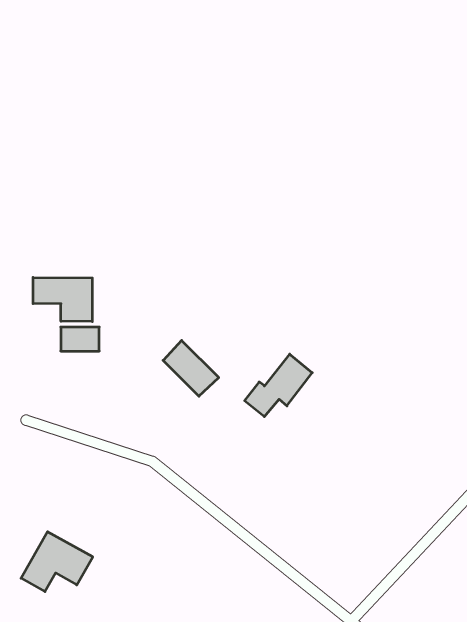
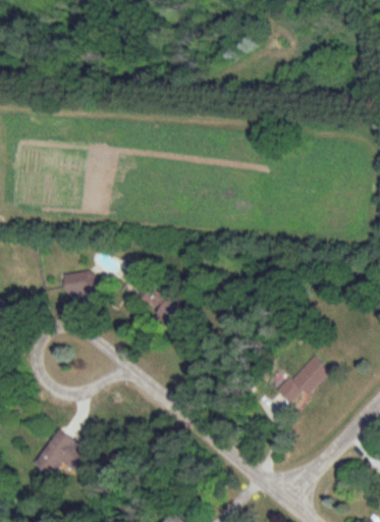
building: [33,277,92,322] -> none
building: [245,354,312,417] -> [275,356,327,404]

